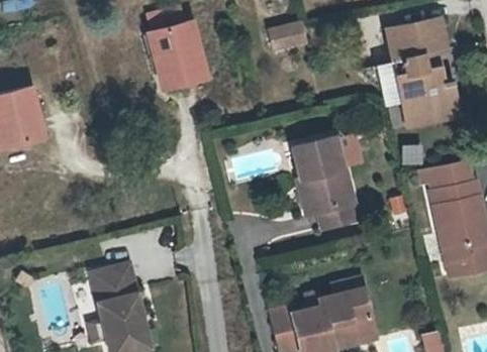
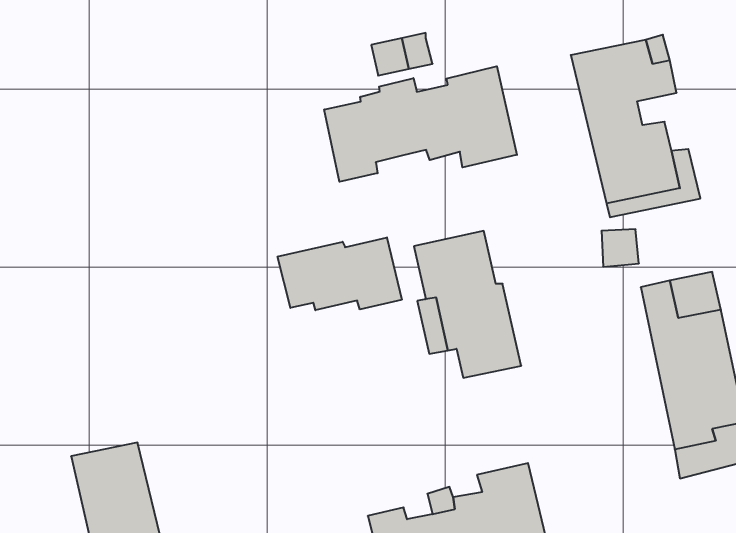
building: [149,9,206,90] -> none
building: none -> [324,66,517,182]
building: none -> [278,237,402,310]

